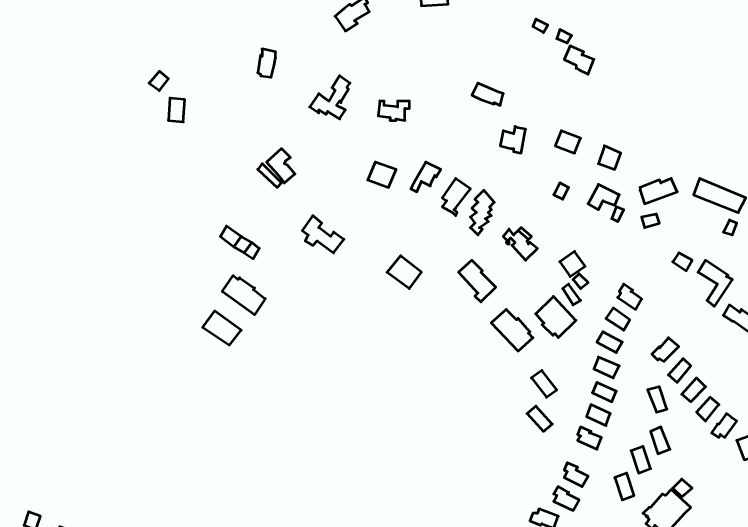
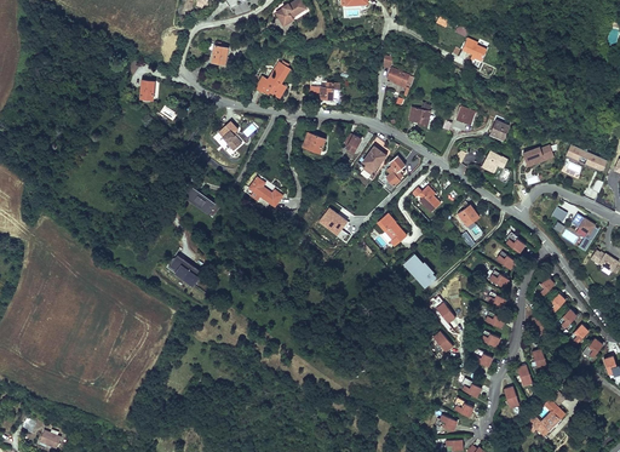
building: [222,276,265,315] -> none
building: [536,296,576,338] -> none

